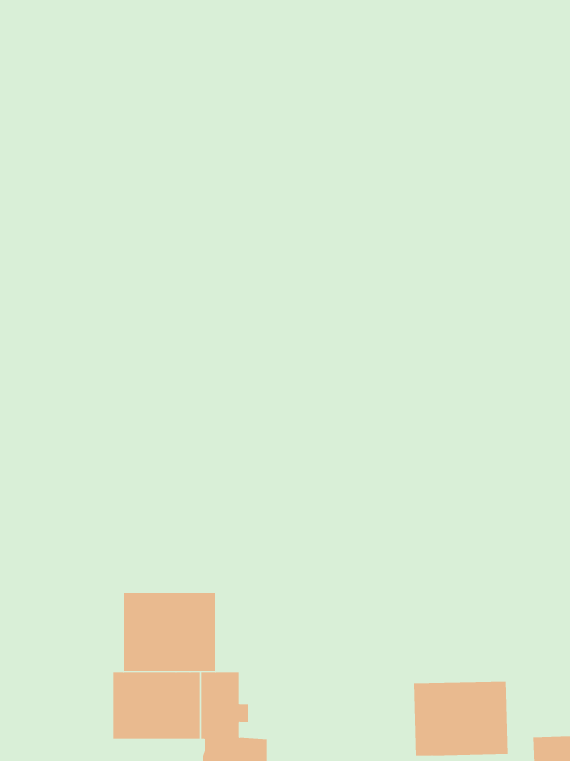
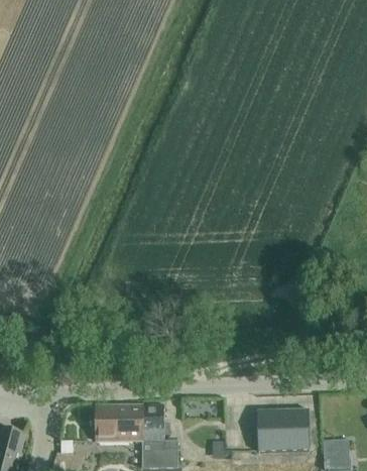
building: [124,592,215,672] -> none

